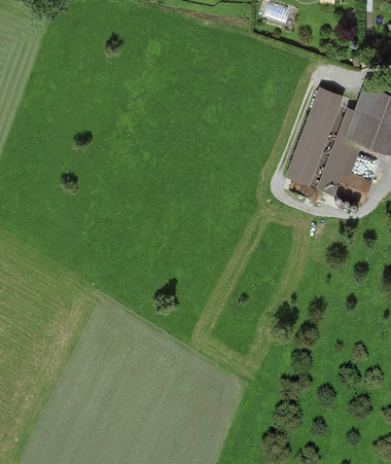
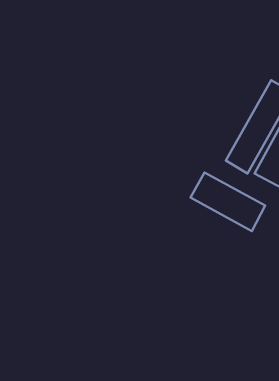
building: none -> [191,172,265,231]

